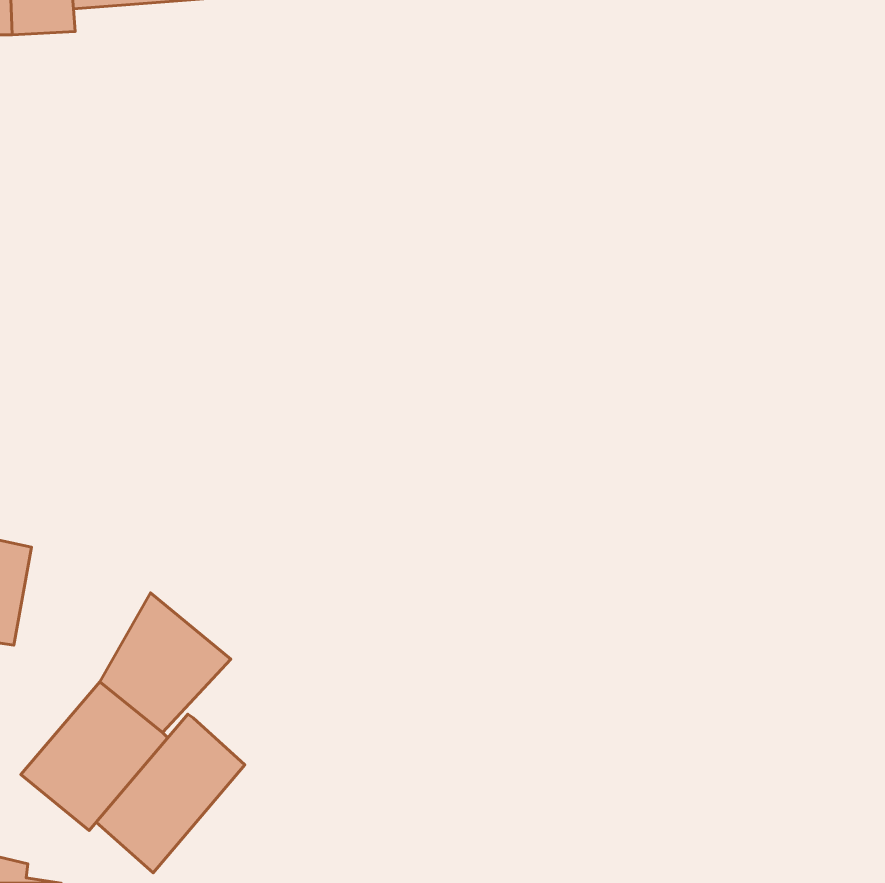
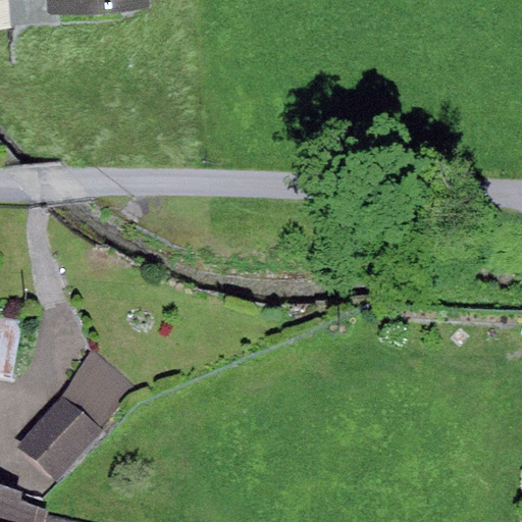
building: [96,714,245,873] -> none

